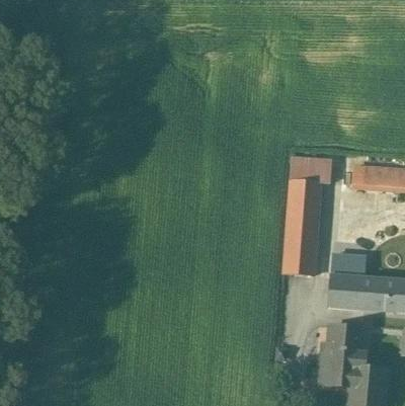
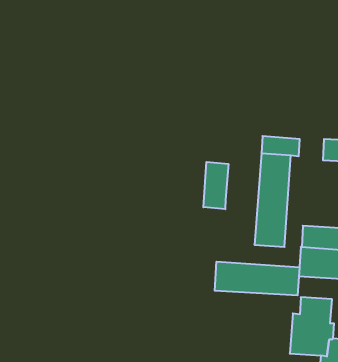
building: none -> [203,162,228,209]
building: none -> [215,262,299,295]

